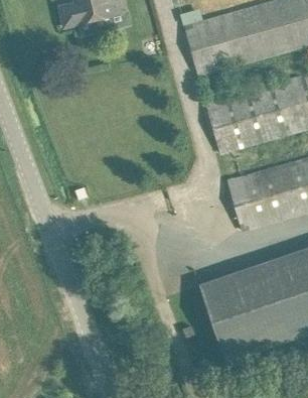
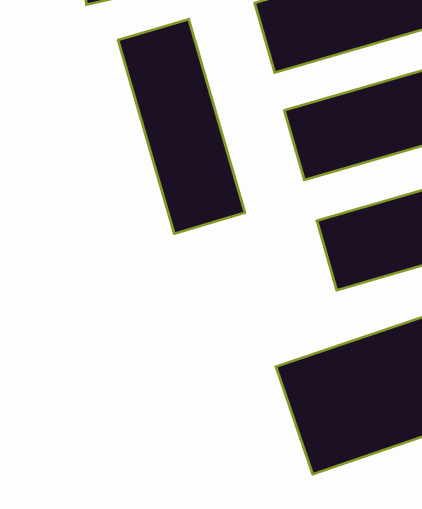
building: none -> [118,19,245,234]

